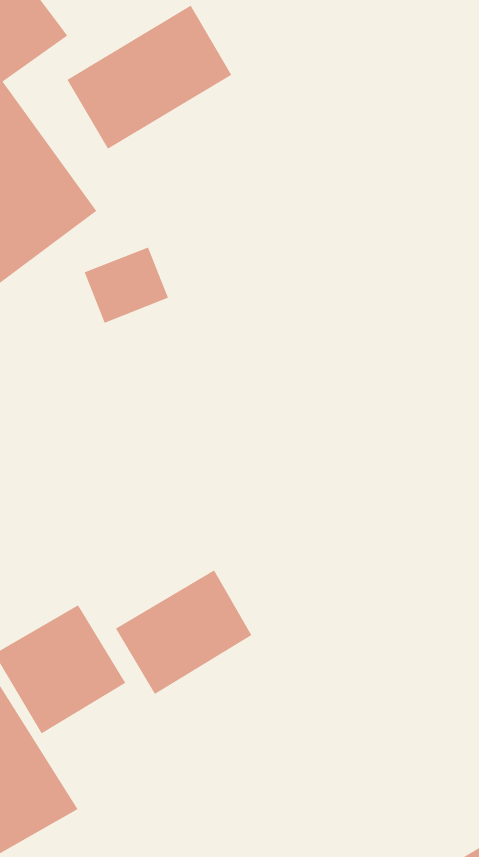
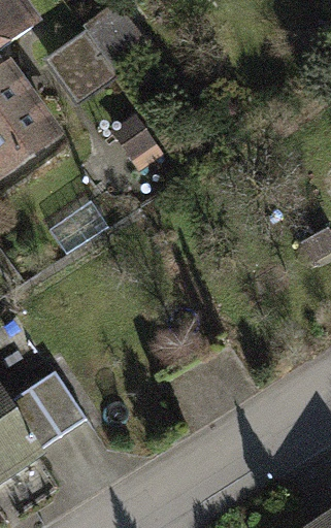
building: [115,570,252,695] -> none

